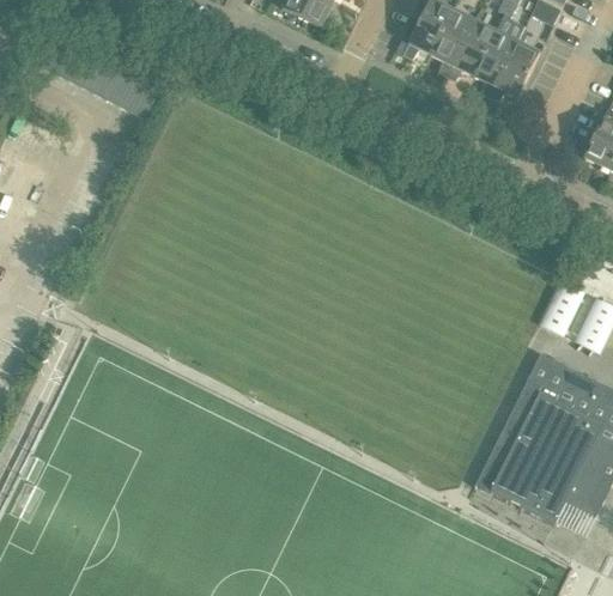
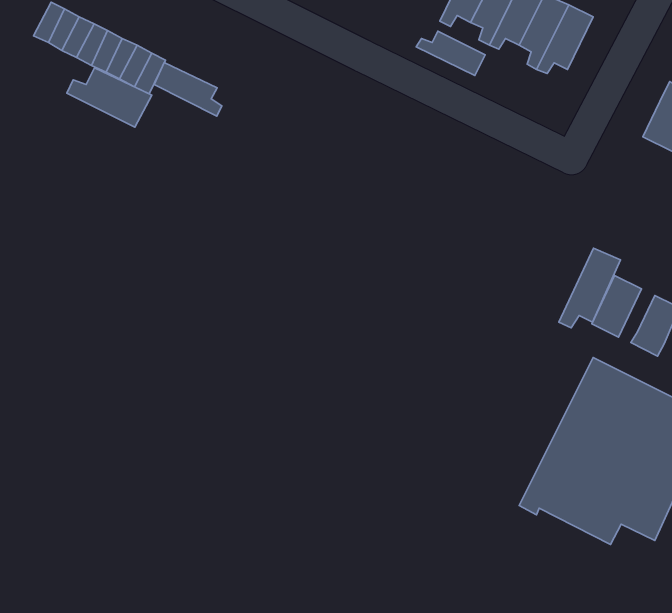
building: none -> [416,31,485,76]
building: none -> [154,62,222,116]
building: none -> [67,68,152,127]
building: none -> [559,248,620,328]

